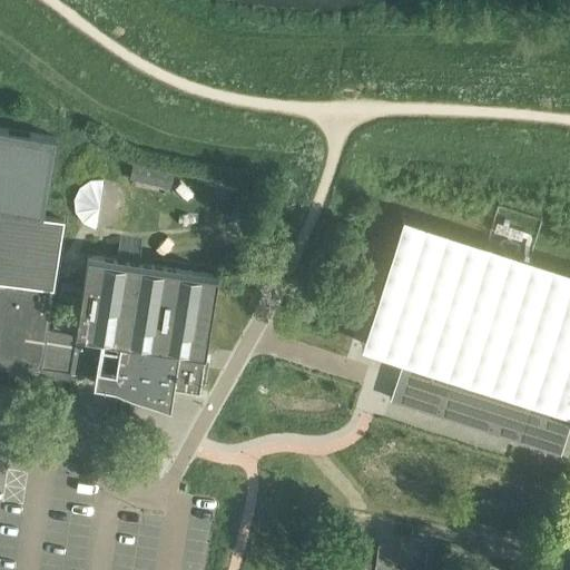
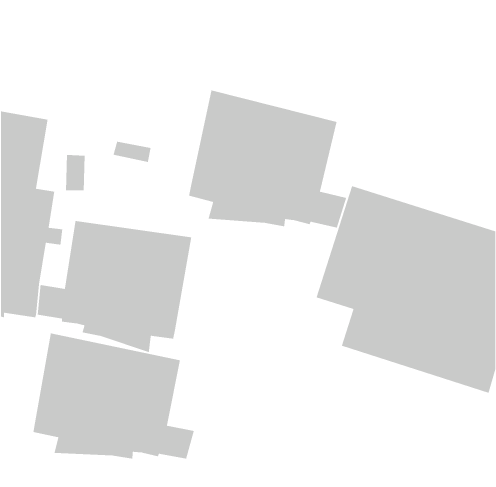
building: none -> [188,90,347,229]
building: none -> [33,332,195,460]

